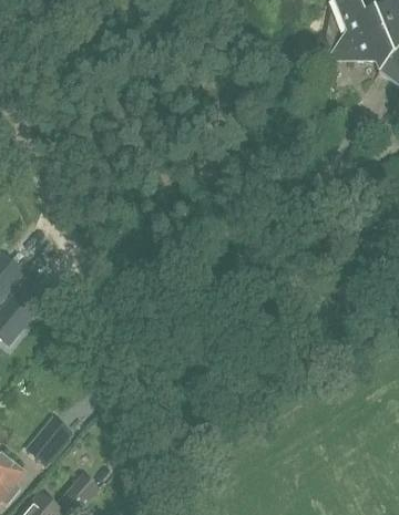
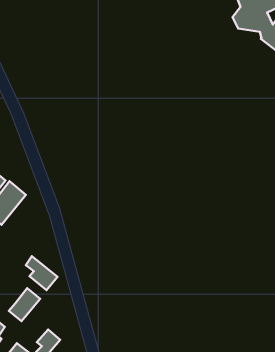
building: none -> [26,256,57,290]

